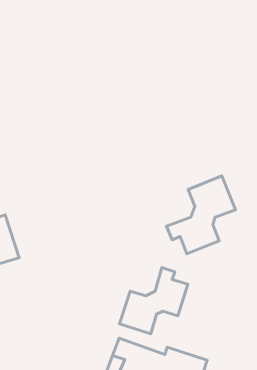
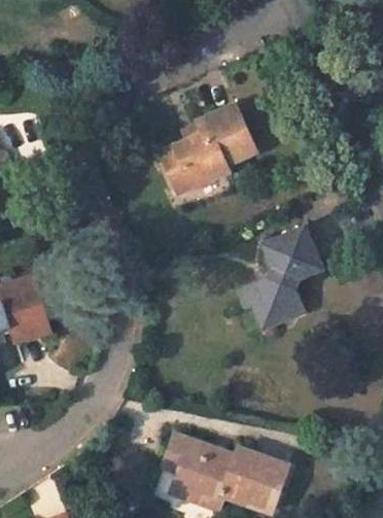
building: none -> [156,107,254,197]
building: [119,268,188,334] -> none

